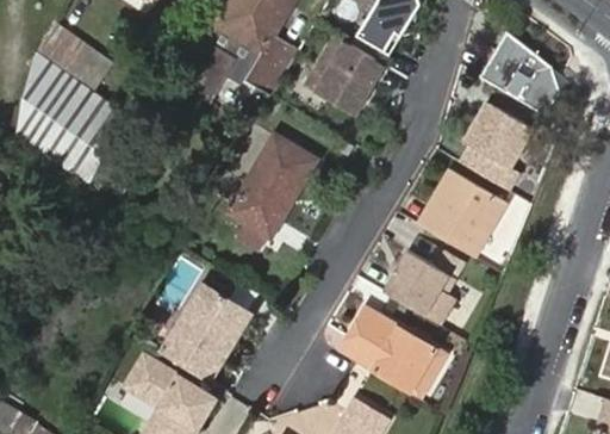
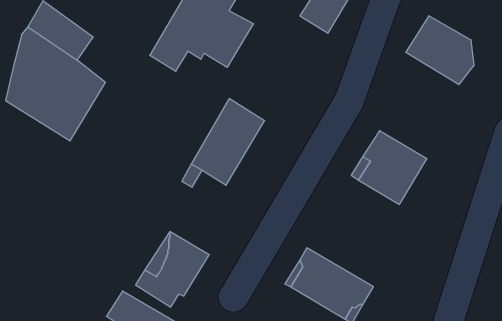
building: [306,36,386,117] -> none
building: [461,104,533,190] -> none
building: [382,249,458,324] -> none

